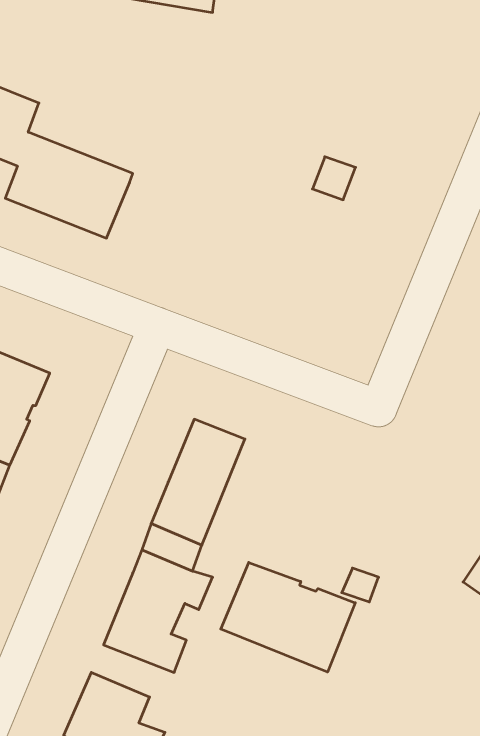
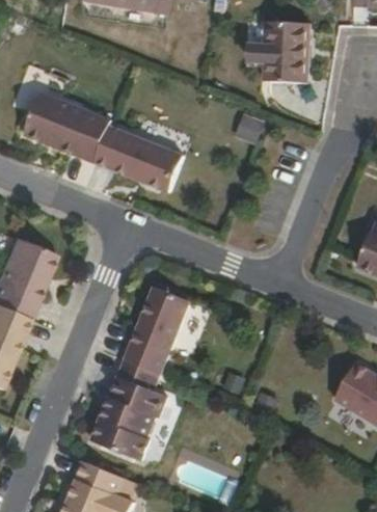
building: none -> [249,24,308,84]
building: none -> [96,127,184,194]
building: [221,562,355,672] -> none

